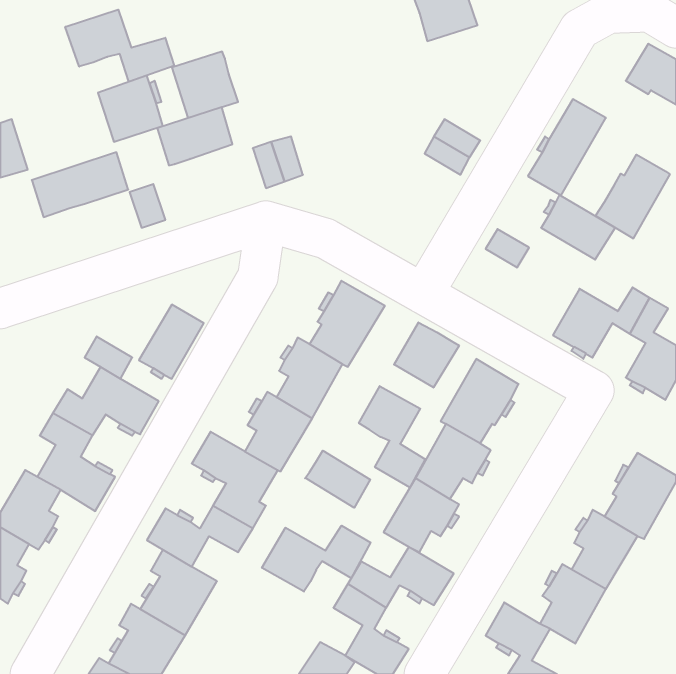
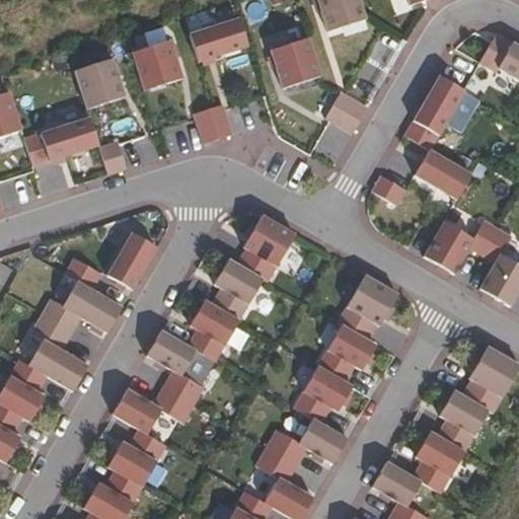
building: [65,10,174,82] -> none
building: none -> [271,38,320,88]
building: [157,107,232,165] -> [190,17,247,62]
building: [596,155,670,239] -> none
building: [394,322,459,388] -> none
building: [359,386,425,488] -> none
building: [305,451,370,508] -> none
building: [262,526,371,592] -> none

